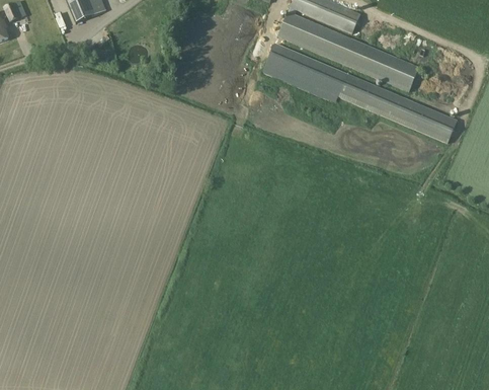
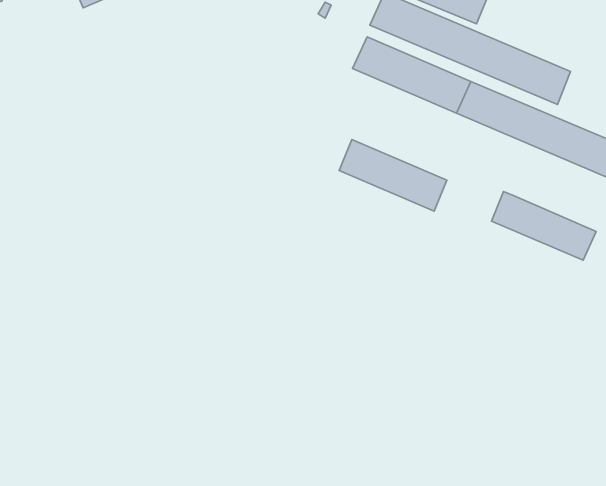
building: none -> [339,139,447,211]
building: none -> [492,191,596,260]

